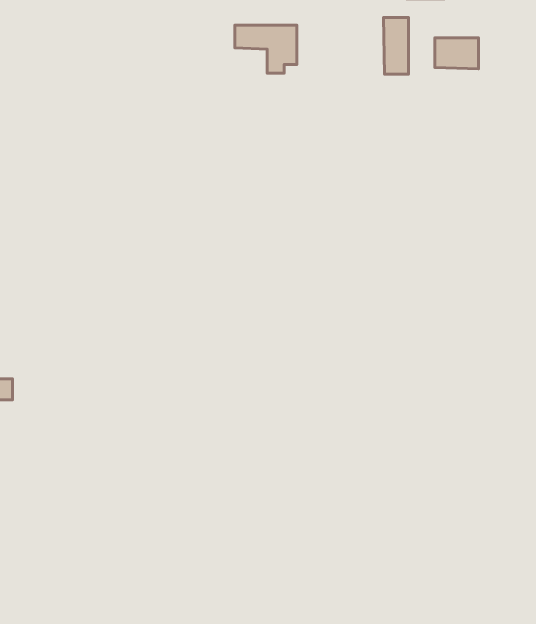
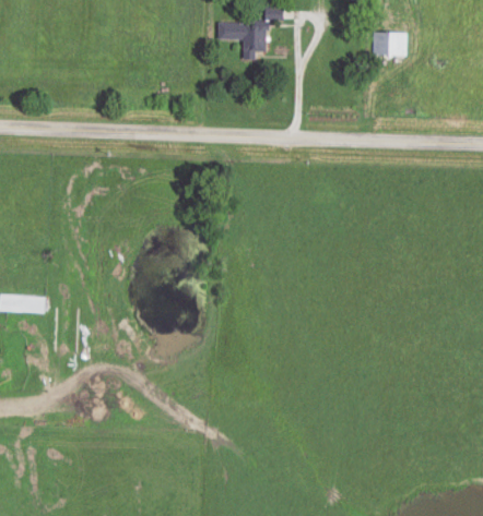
building: [383,18,408,74] -> none

